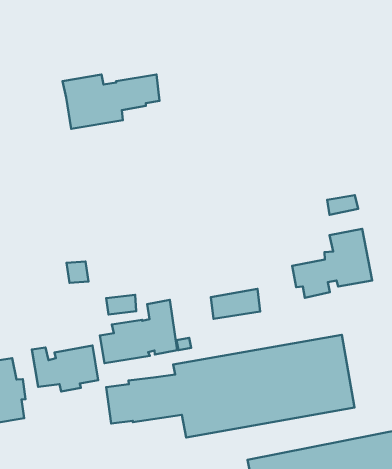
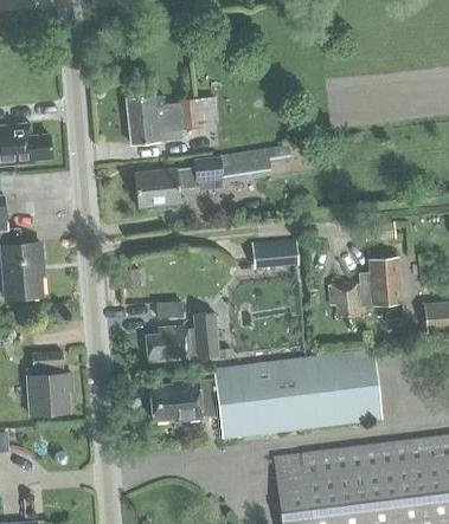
building: none -> [137,147,293,203]
building: [211,289,260,319] -> [254,241,299,266]
building: [32,345,98,391] -> none

